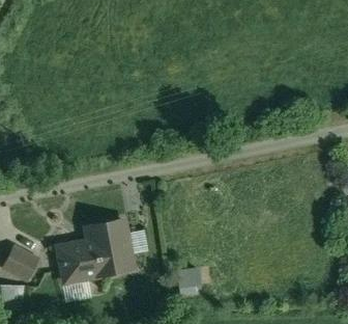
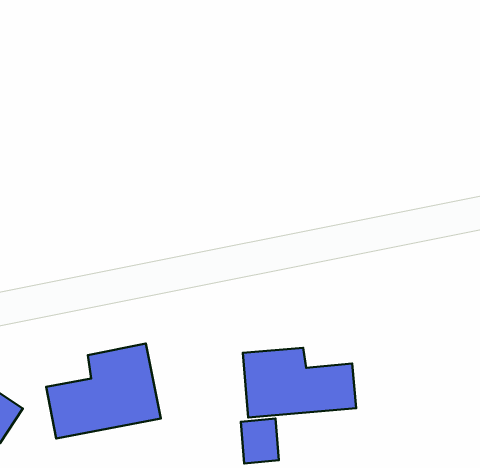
building: none -> [243,348,356,418]

